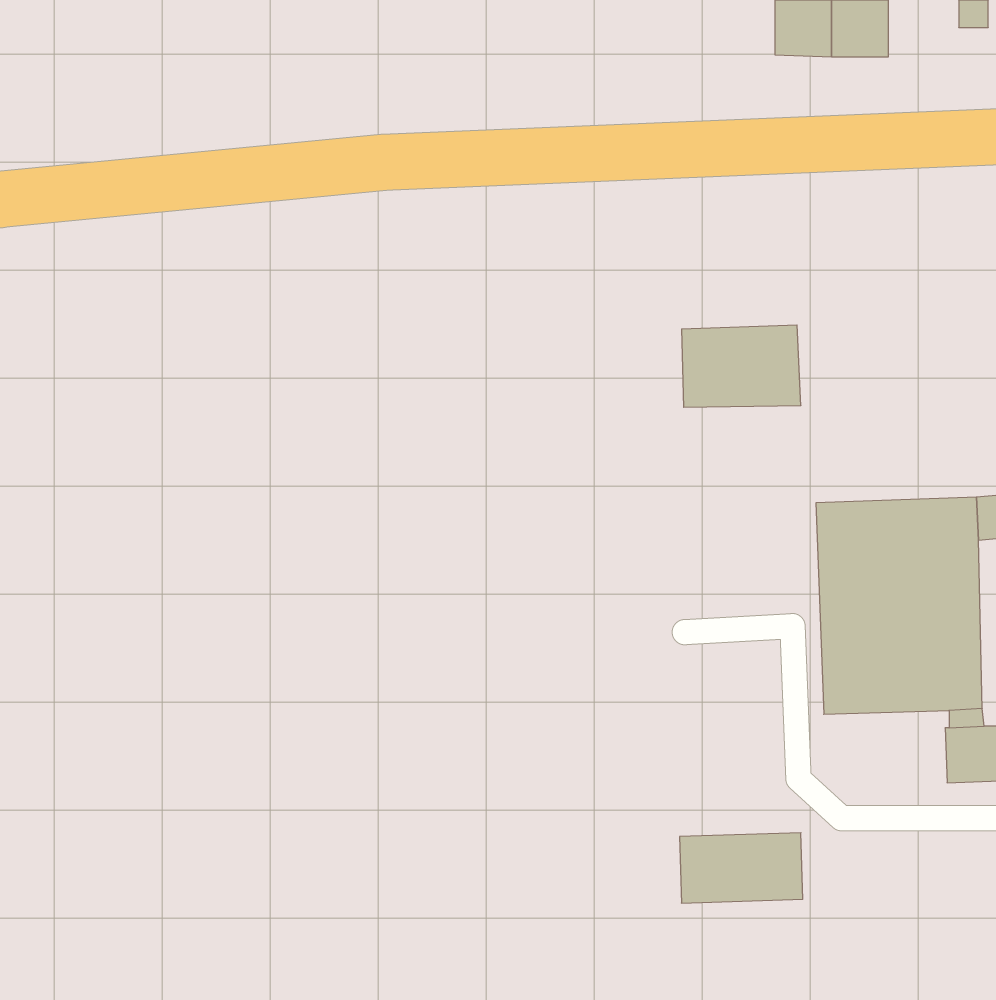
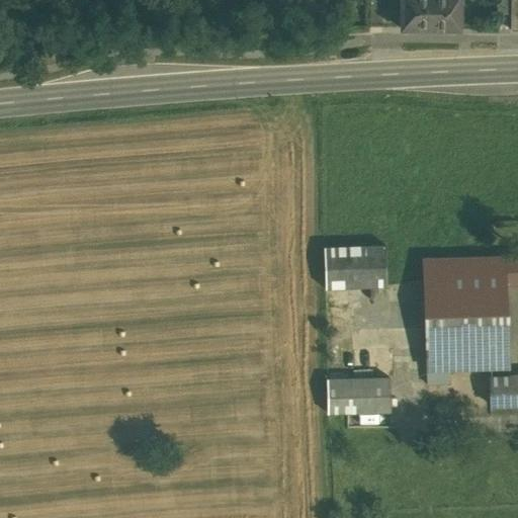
building: [682,325,801,407] -> [326,245,387,287]
building: [680,833,803,903] -> [329,377,393,414]

